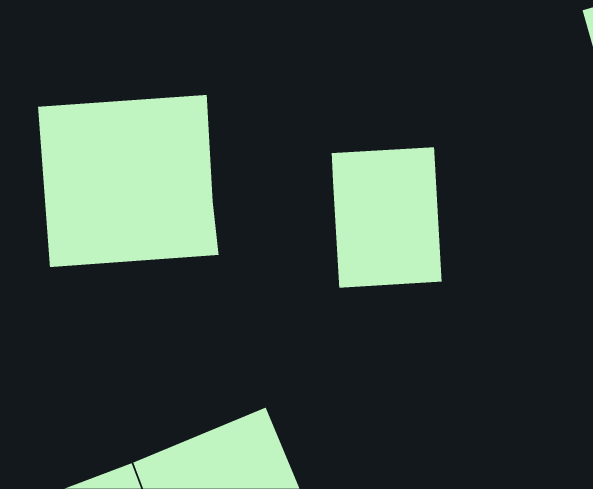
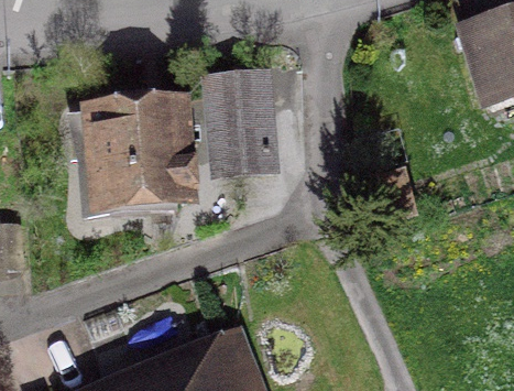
building: [331,147,442,288] -> [197,69,278,173]

